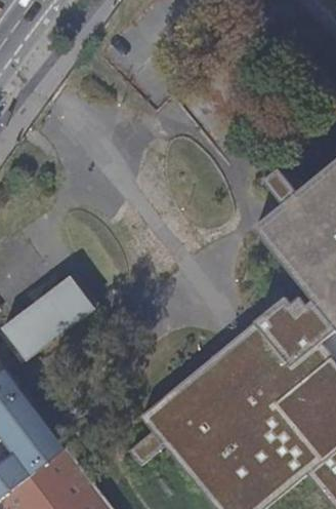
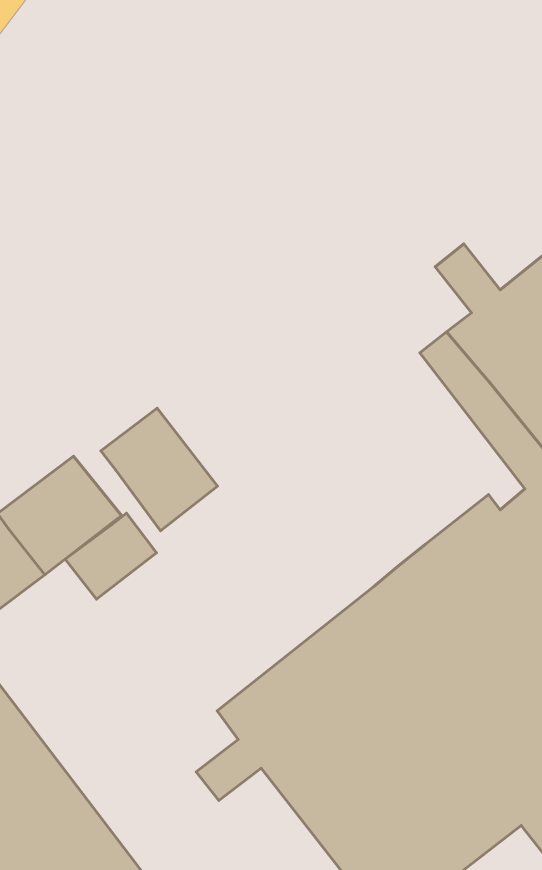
building: none -> [101,408,217,531]
building: none -> [65,513,156,599]

